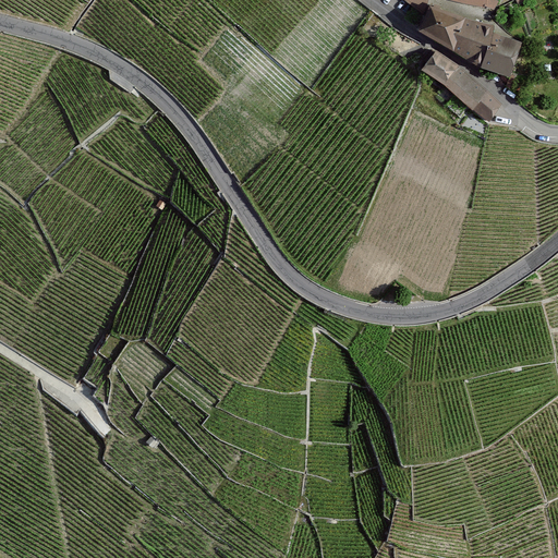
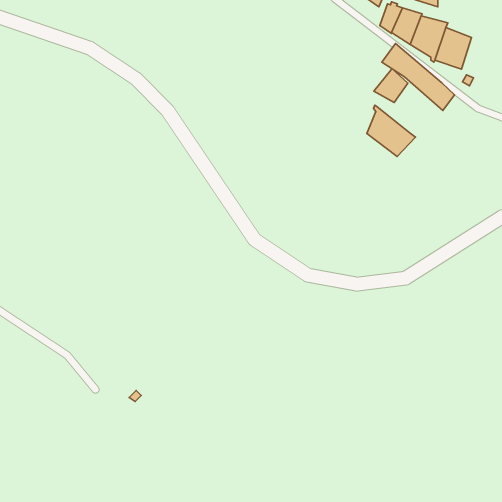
building: none -> [374,69,408,102]
building: none -> [367,105,416,156]

